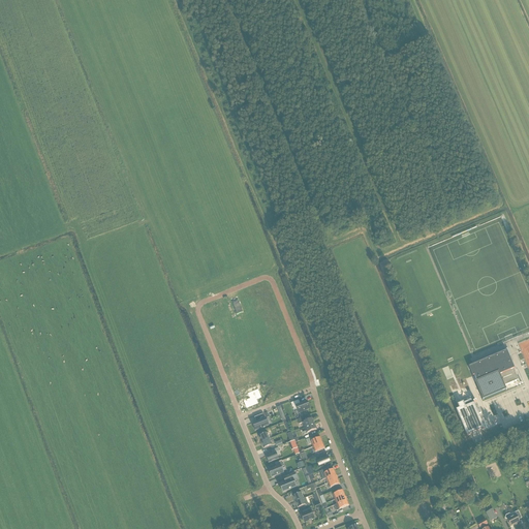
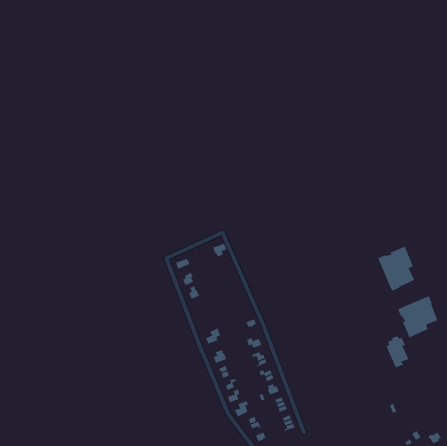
building: none -> [377,246,415,292]

